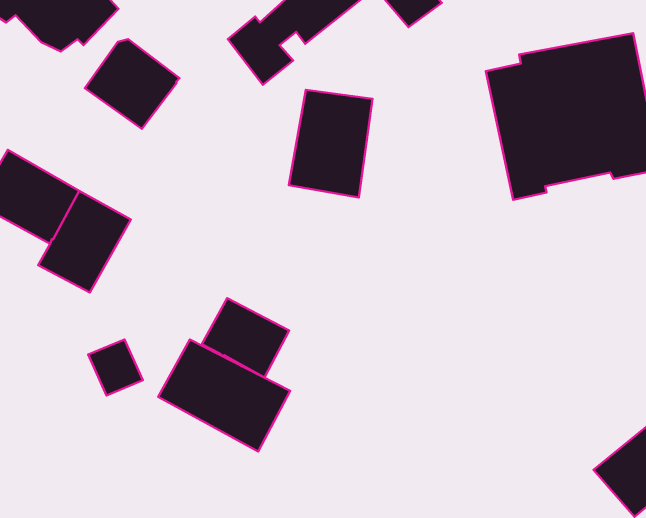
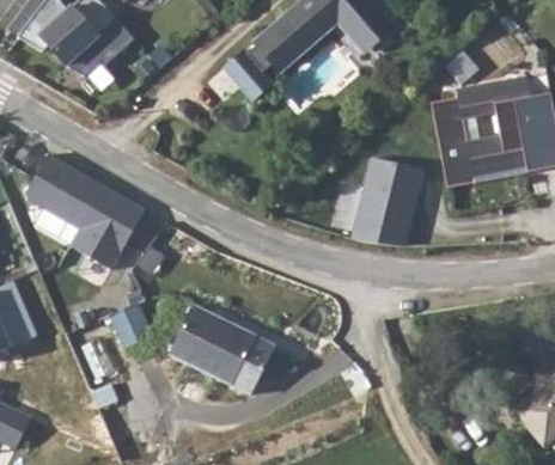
building: [85,39,180,129] -> none
building: [289,90,372,197] -> [356,165,422,250]
building: [202,298,289,378] -> none

